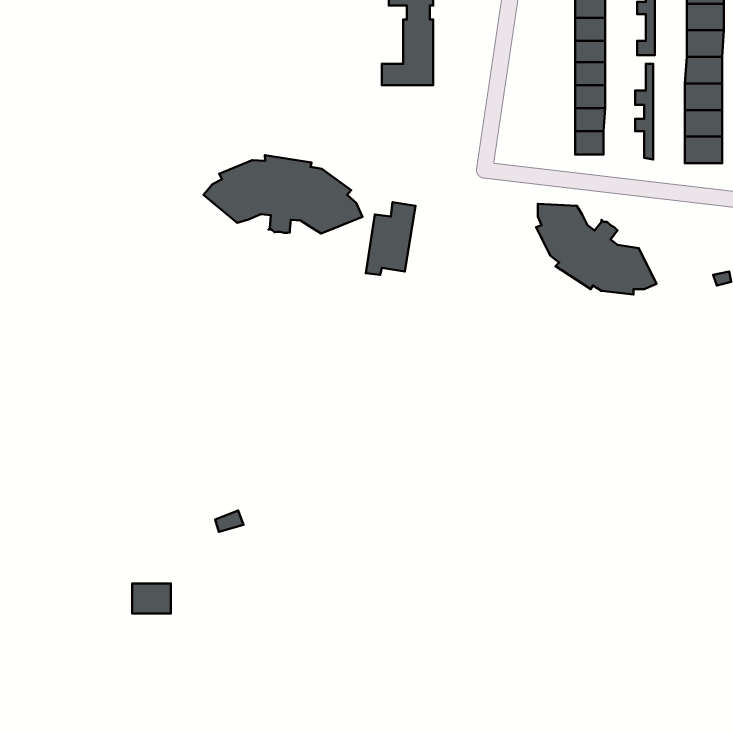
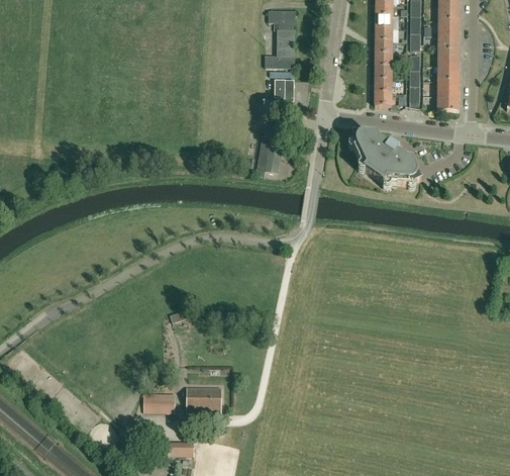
building: none -> [275,78,294,99]
building: [203,155,362,234] -> none
building: [132,583,171,613] -> [151,393,174,410]
building: none -> [187,386,221,411]

